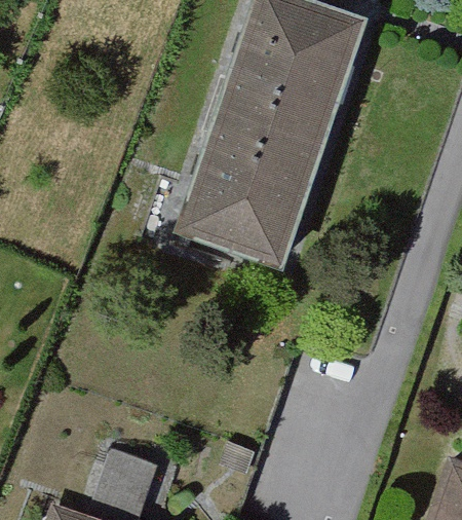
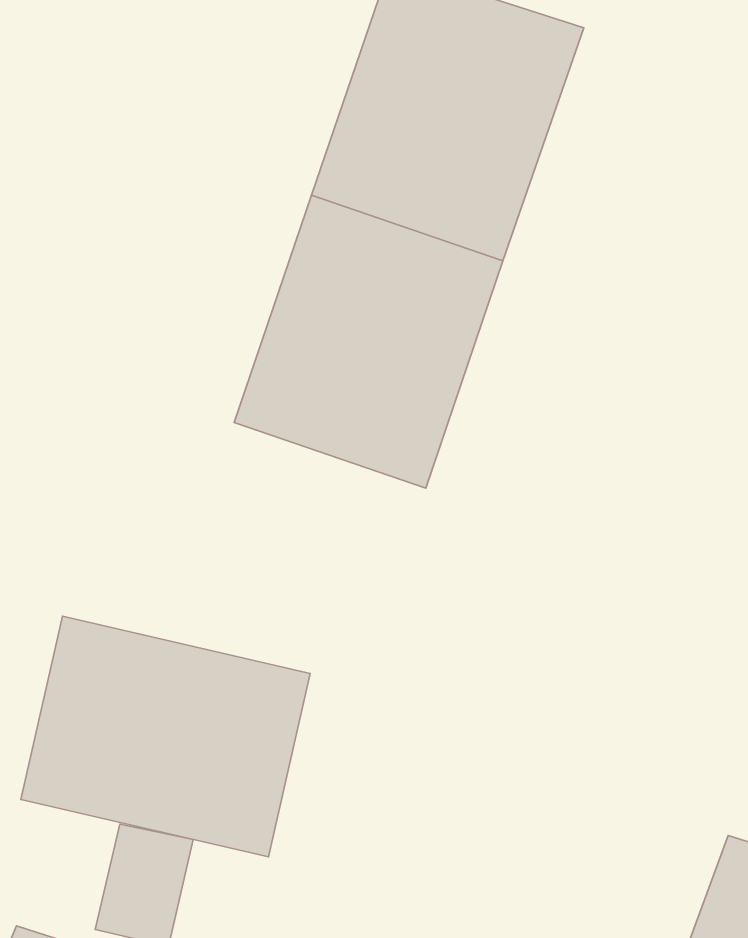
building: none -> [21,616,310,857]

